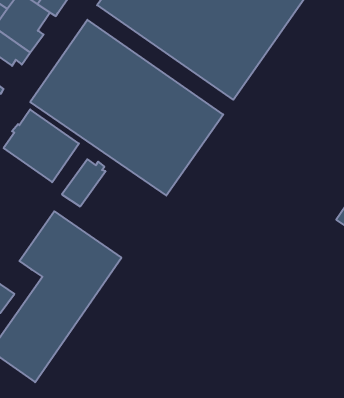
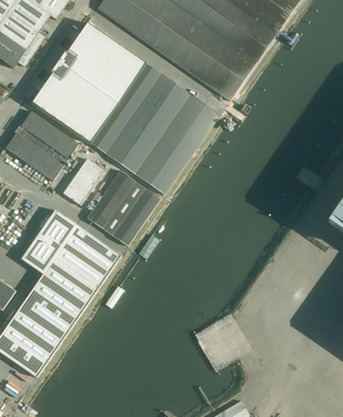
building: none -> [87,169,160,245]

